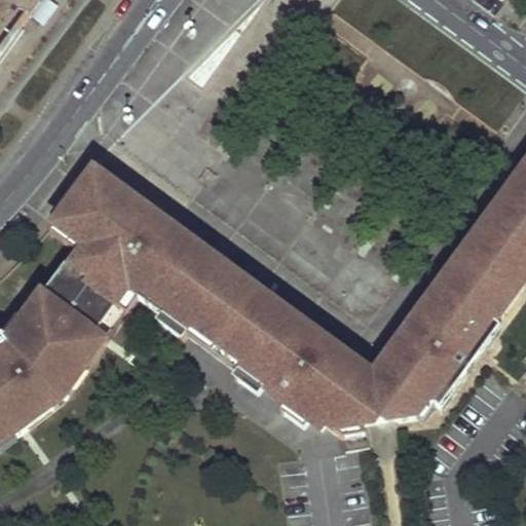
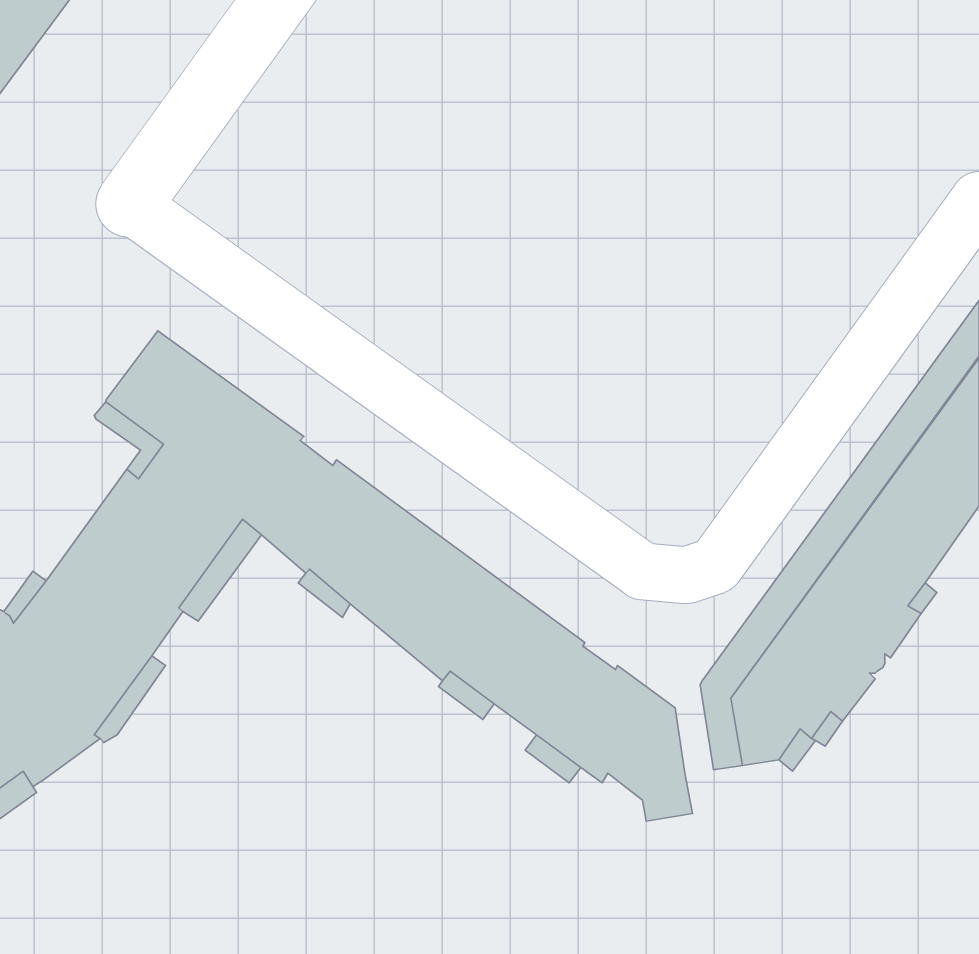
building: [85,161,381,413] -> none

